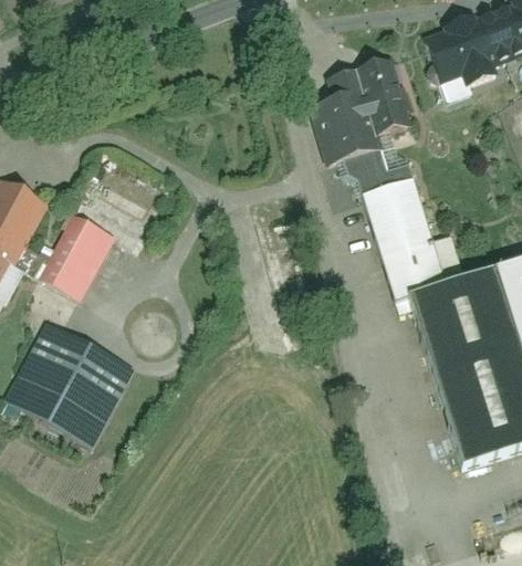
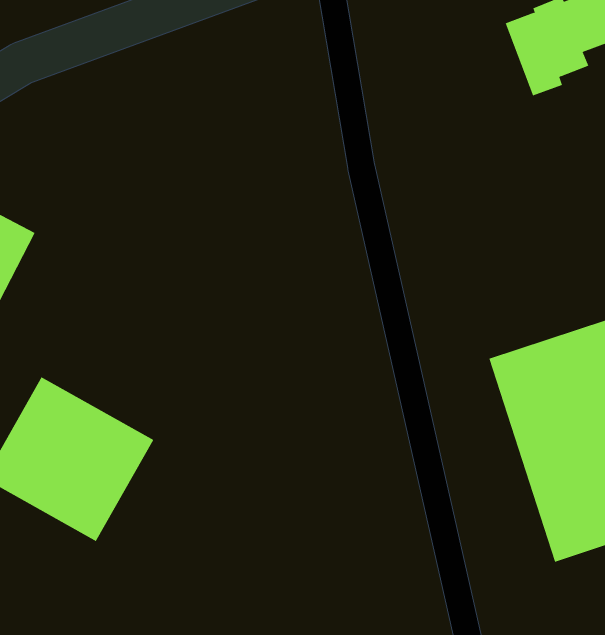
building: [317,57,450,300] -> none
building: [39,214,113,297] -> none

